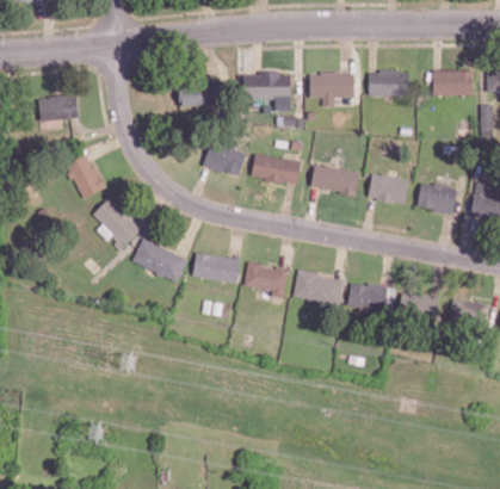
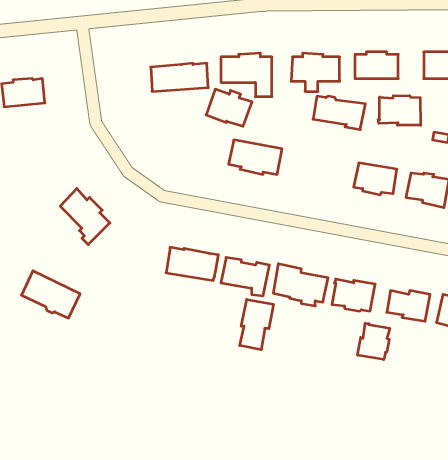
building: none -> [378,96,421,125]
building: [203,142,246,177] -> [206,89,252,126]
building: [67,155,106,199] -> none
building: [310,165,359,196] -> [313,96,365,130]
building: [132,239,187,283] -> [21,271,80,318]
building: none -> [240,299,273,350]
building: none -> [358,323,390,360]

